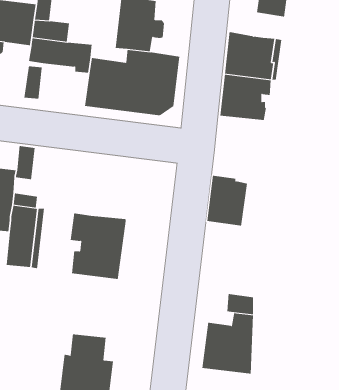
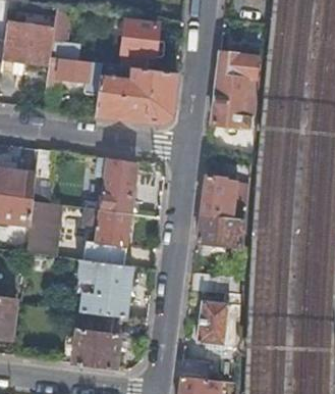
building: none -> [97,156,135,212]
building: none -> [196,214,242,248]
building: none -> [76,258,131,316]

